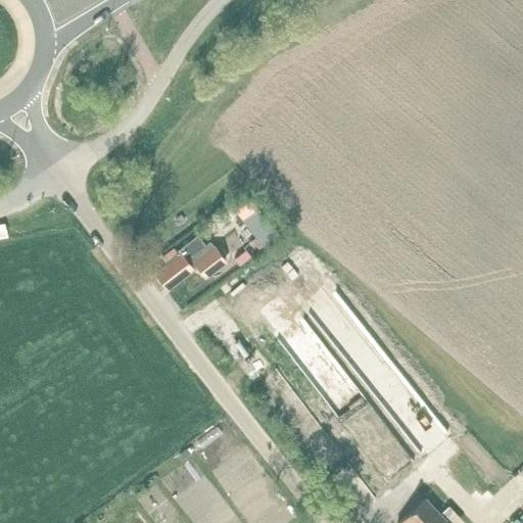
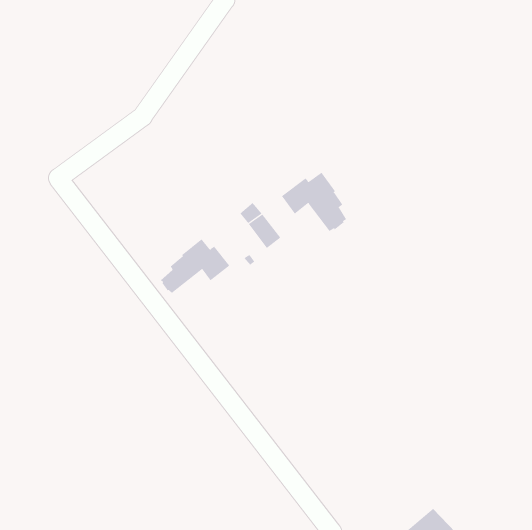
building: none -> [281,172,347,232]

